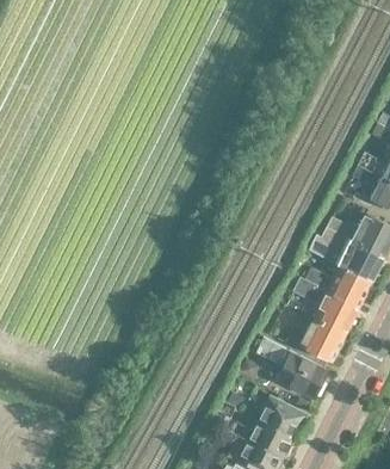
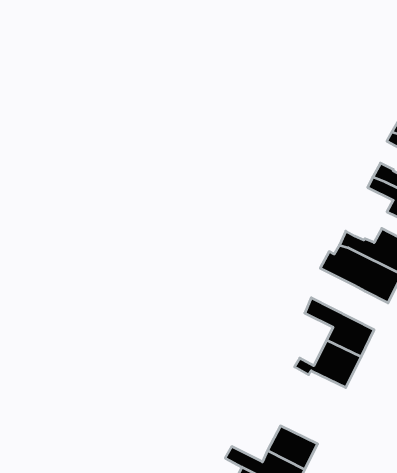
building: [299,267,371,309] -> none
building: [256,339,327,400] -> none

